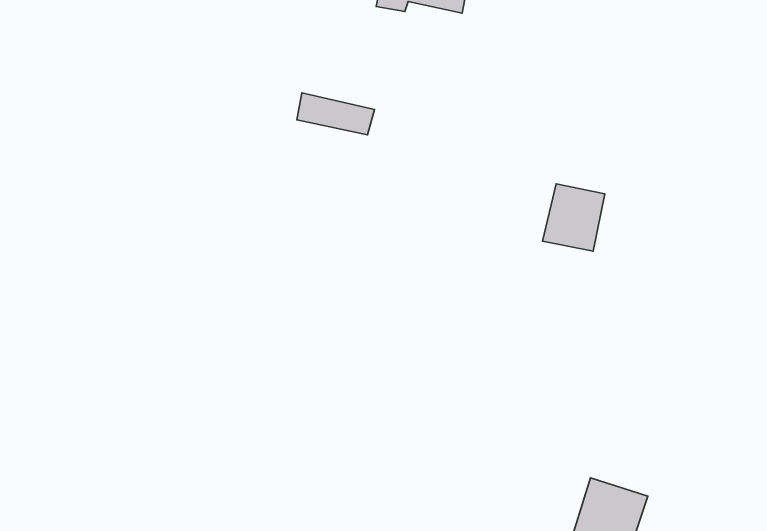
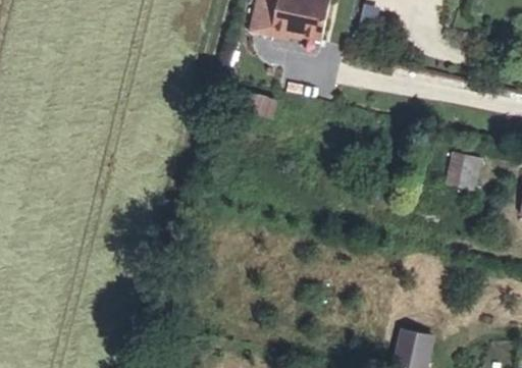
building: [543,184,605,251] -> [443,148,481,189]

